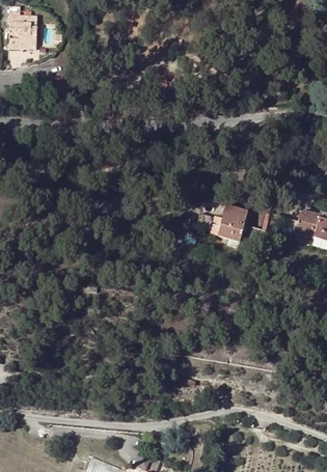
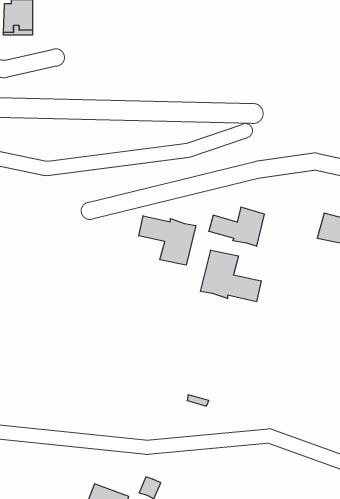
building: none -> [139,216,196,265]
building: none -> [200,250,261,302]

